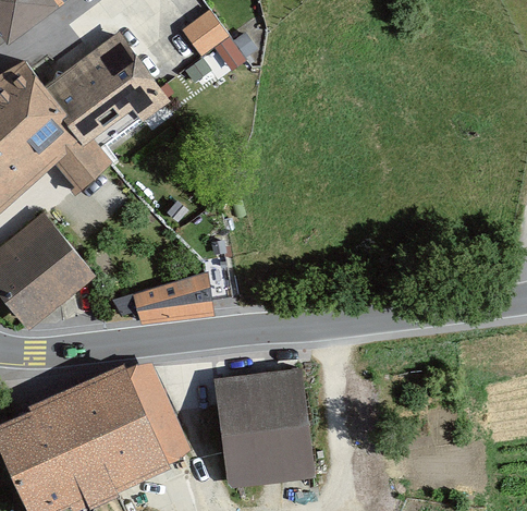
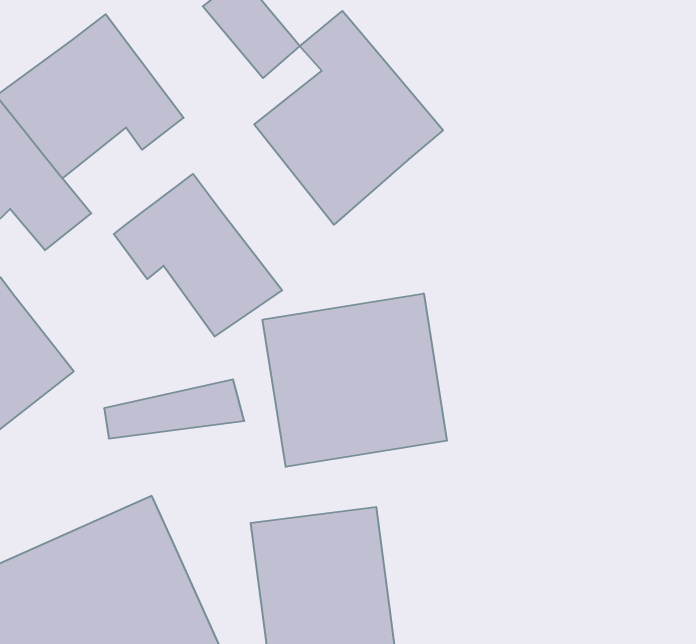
building: none -> [254,11,443,225]
building: none -> [114,174,282,337]
building: none -> [263,293,447,467]

